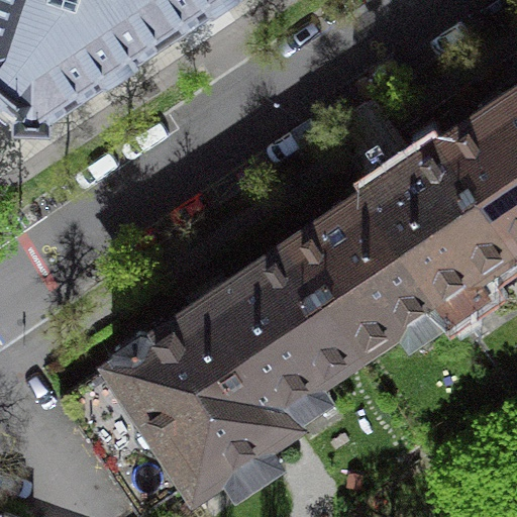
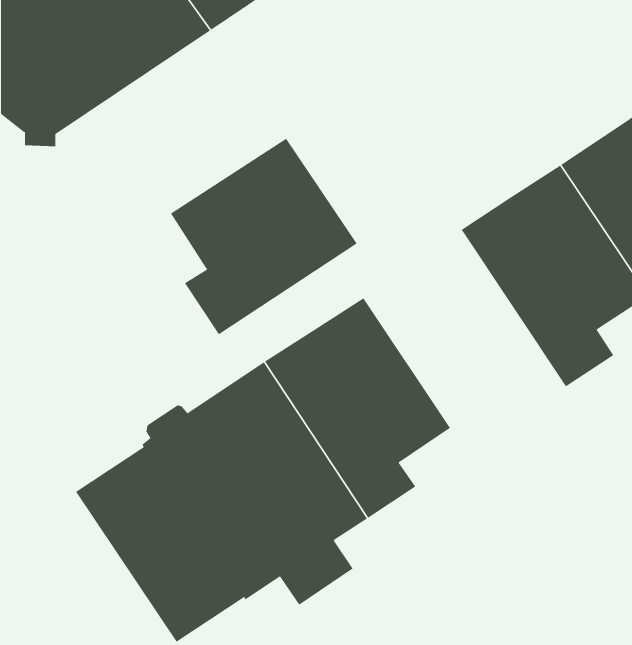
building: none -> [170,138,358,335]
building: [304,182,463,338] -> none

